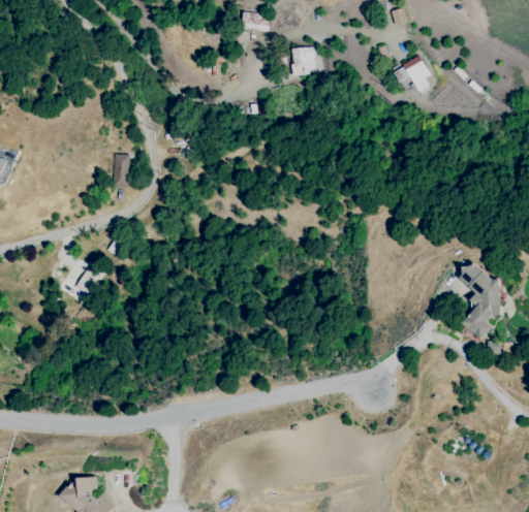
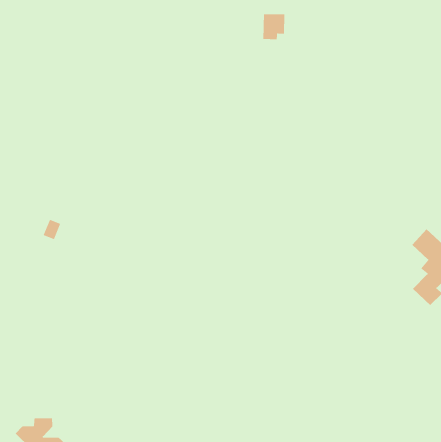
building: [393,55,430,95] -> none
building: [113,153,130,187] -> none

